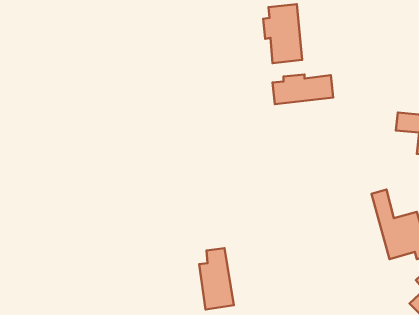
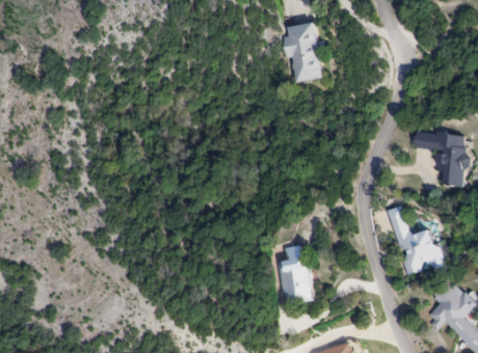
building: [273,74,333,104] -> none
building: [199,248,234,309] -> [278,245,313,305]

